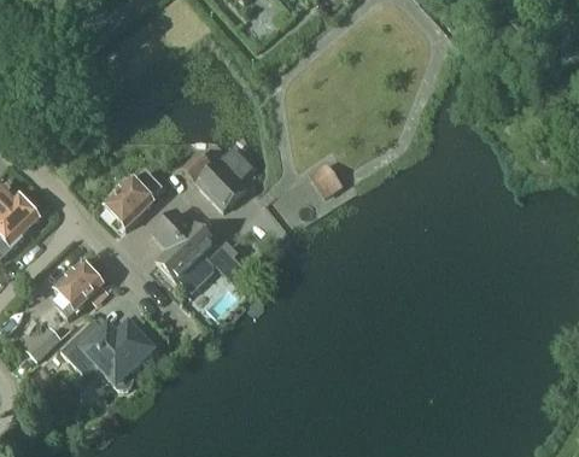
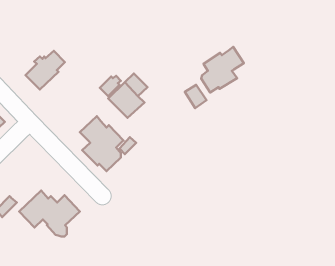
building: none -> [201,47,244,92]
building: [105,169,164,227] -> [25,51,65,90]
building: [55,260,105,316] -> none

